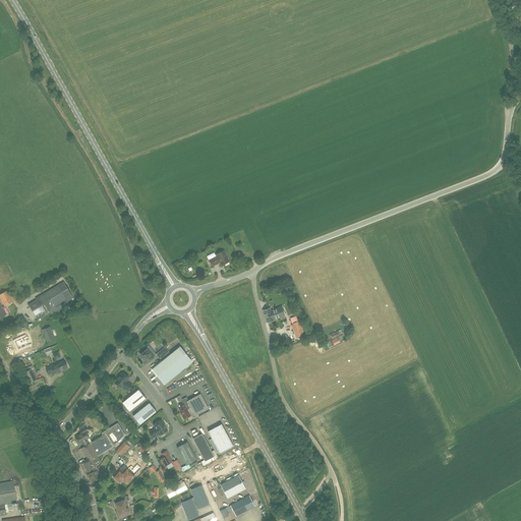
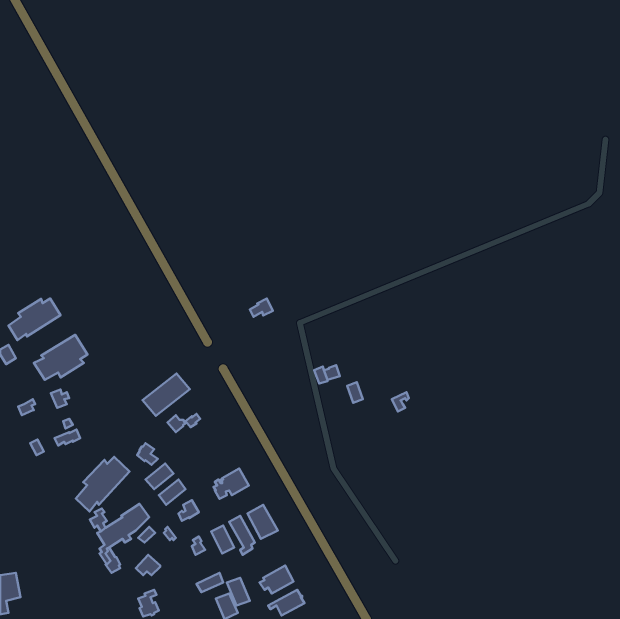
building: none -> [8,299,60,340]
building: [152,346,191,382] -> [142,373,190,416]
building: none -> [76,457,130,512]

